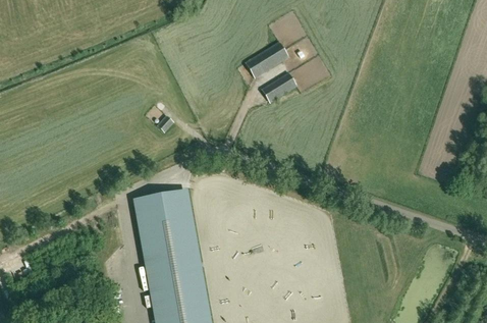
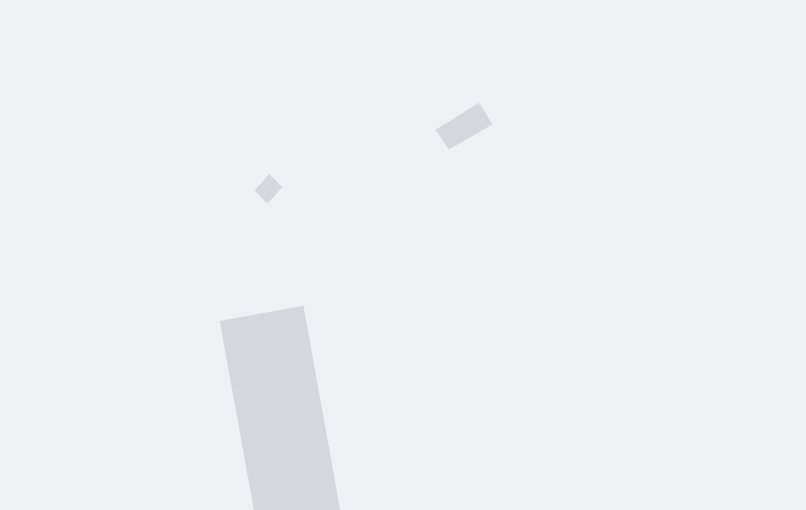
building: [246,42,288,76] -> none

